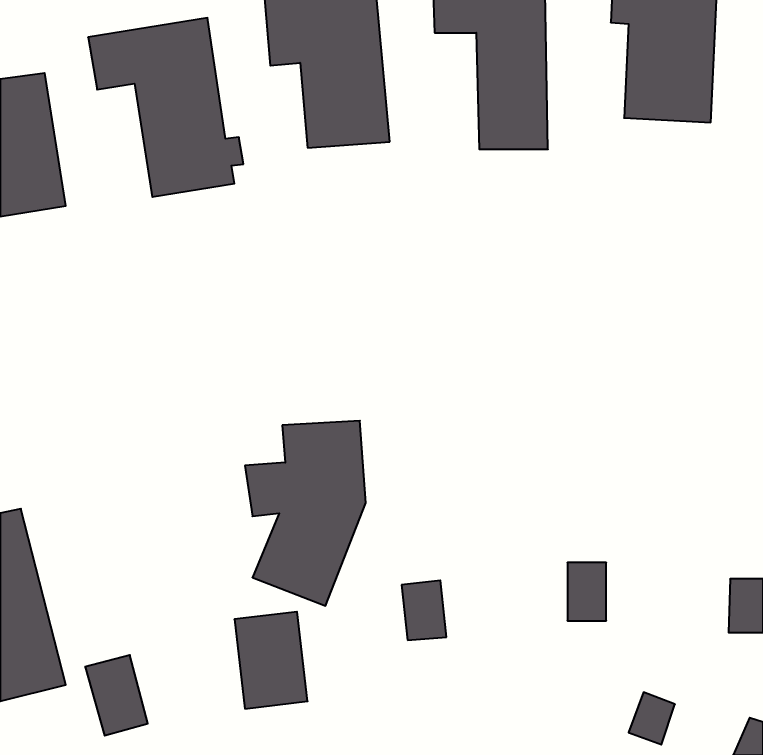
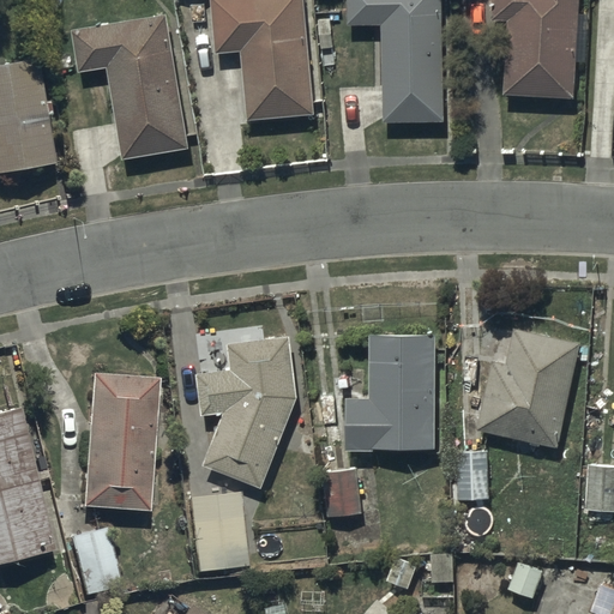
building: none -> [474,329,578,449]
building: none -> [343,335,432,449]
building: none -> [82,375,156,511]

